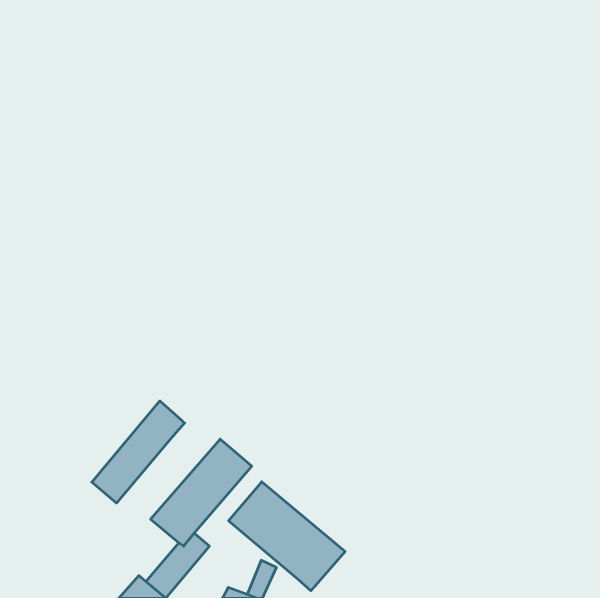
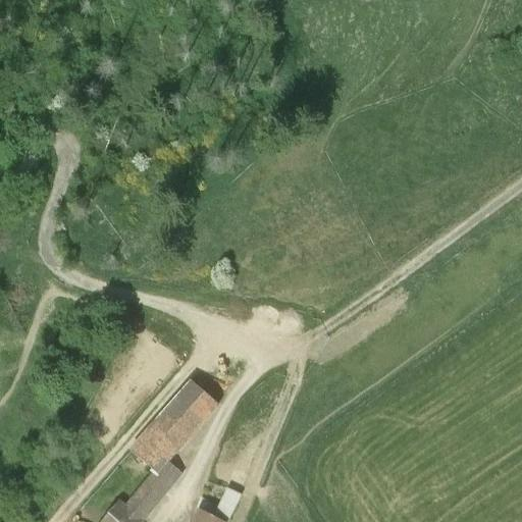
building: [92,401,185,503] -> none
building: [229,482,345,591] -> none

